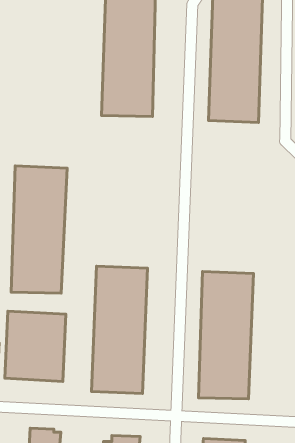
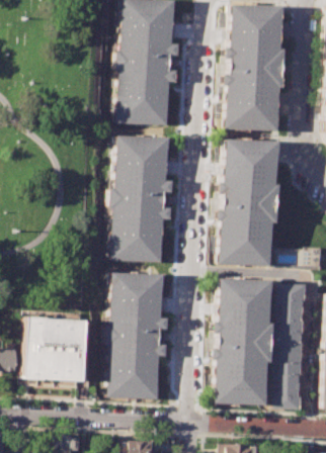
building: none -> [221,140,275,266]
building: [11,166,67,293] -> [114,135,170,262]
building: none -> [274,284,305,409]

